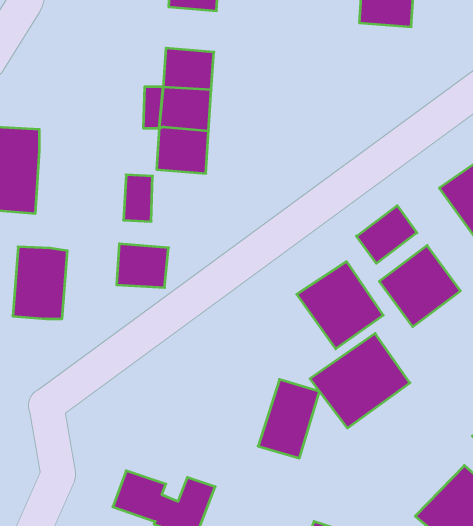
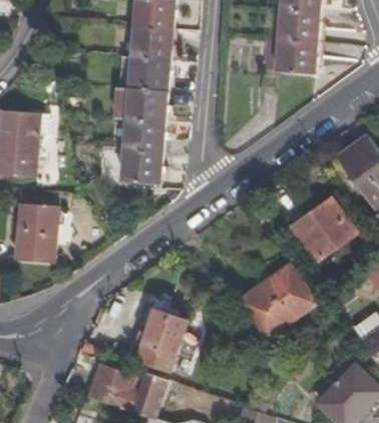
building: none -> [131,20,169,54]
building: none -> [274,32,316,66]
building: [356,206,417,263] -> none
building: [117,244,169,288] -> [122,142,161,175]
building: [297,262,383,349] -> none
building: [258,379,319,458] -> [141,311,187,370]

